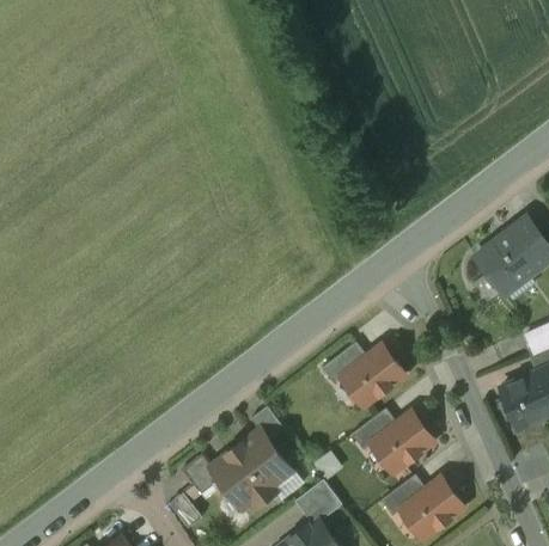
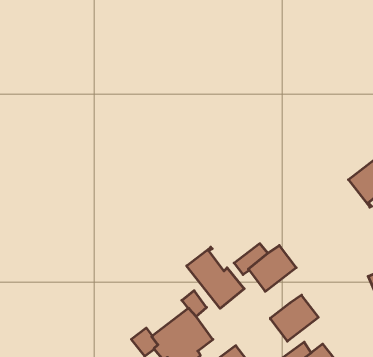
building: none -> [187,247,244,308]
building: [352,409,397,450] -> none

